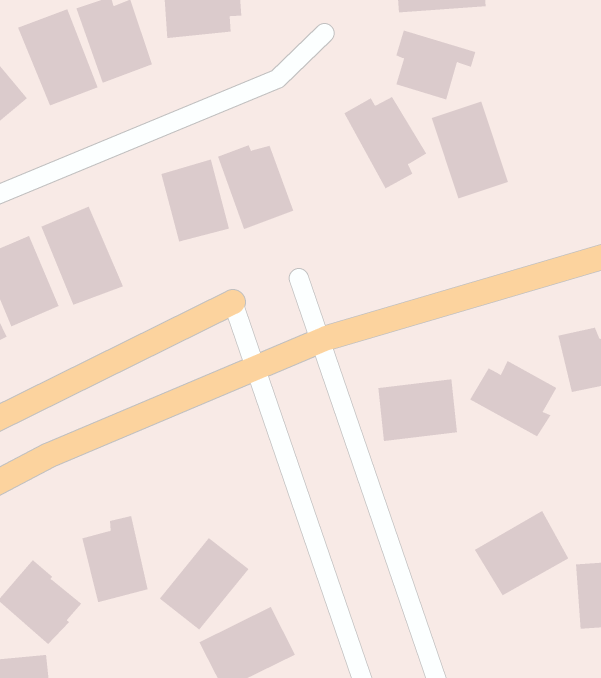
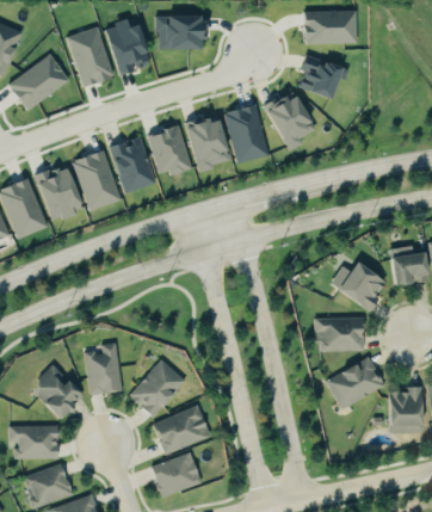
building: [431,101,509,199] -> [223,103,269,162]
building: none -> [109,136,154,192]
building: [377,379,458,442] -> [316,316,364,352]

